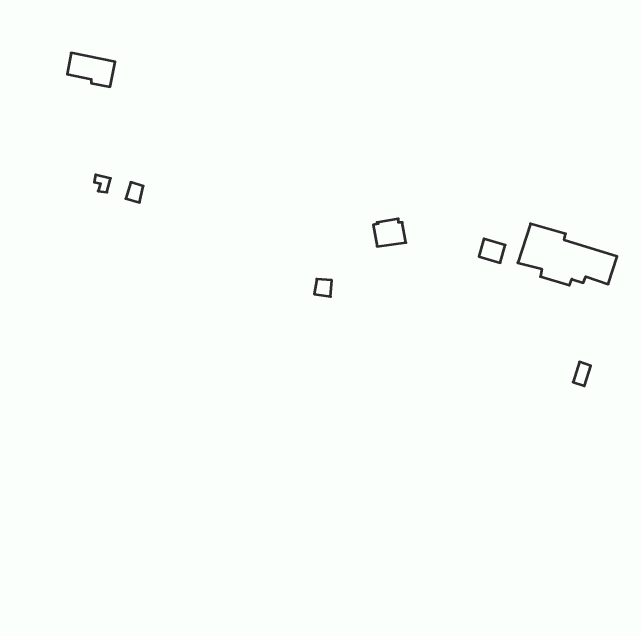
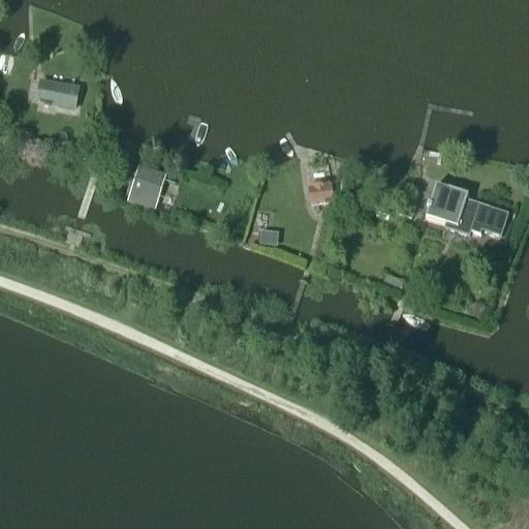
building: [67,53,115,87] -> [39,79,79,106]
building: none -> [130,170,163,205]

